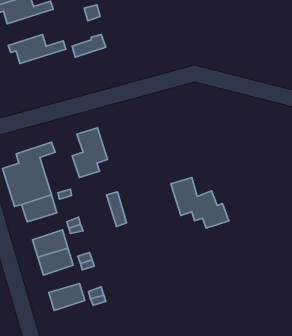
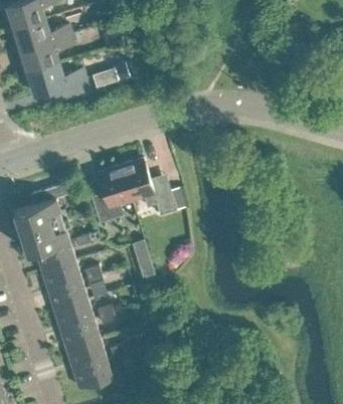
building: none -> [19,34,74,74]
building: [171,177,229,228] -> [121,159,185,215]
building: none -> [42,260,81,290]
building: none -> [60,319,101,349]
building: none -> [72,358,113,388]

